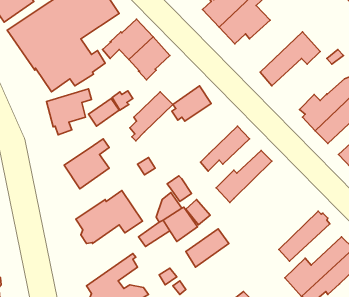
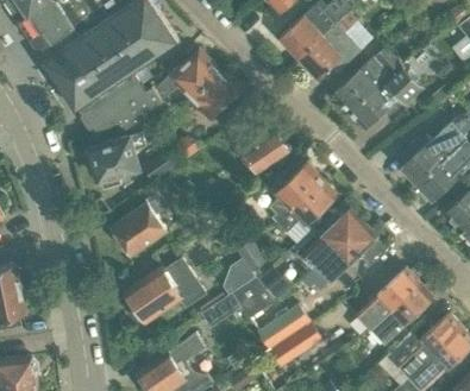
building: none -> [333,48,401,113]
building: [130,92,173,141] -> [270,163,322,222]
building: none -> [302,221,384,290]
building: none -> [356,267,420,330]
building: none -> [271,321,322,366]

